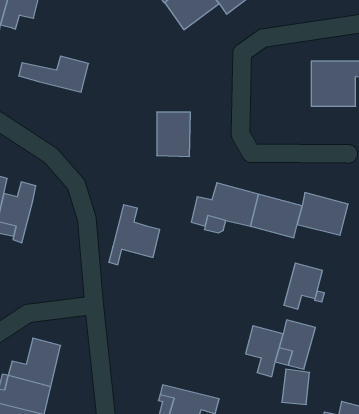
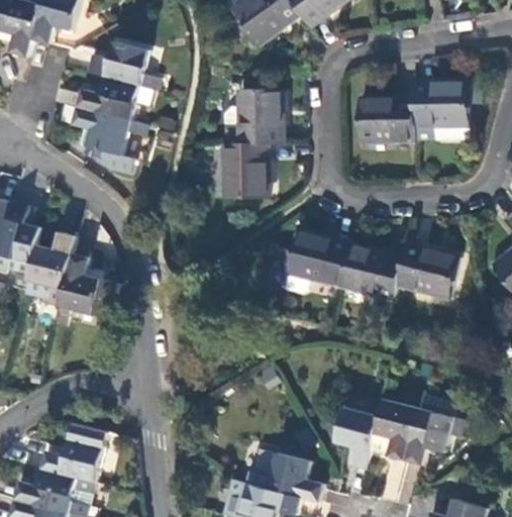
building: none -> [88,40,161,90]
building: none -> [225,90,281,144]
building: none -> [360,97,414,138]
building: none -> [75,107,147,175]
building: [109,205,160,265] -> [54,253,116,327]
building: [284,263,322,309] -> [405,409,452,466]
building: none -> [244,448,322,502]

